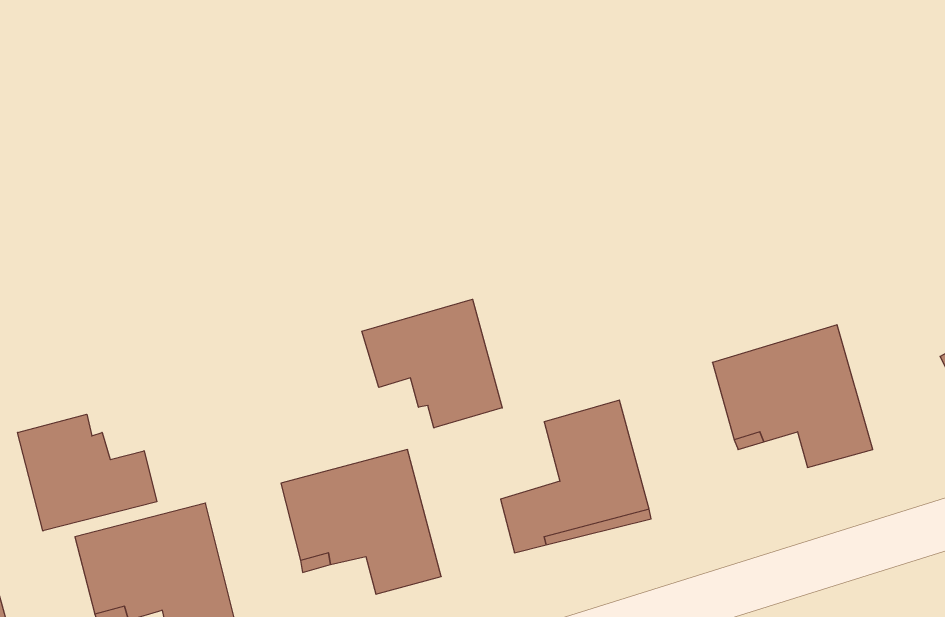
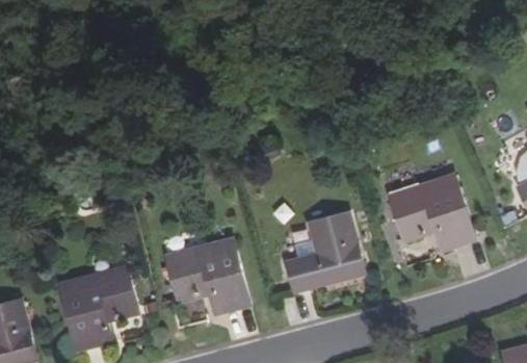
building: [362,299,502,428] -> none
building: [18,414,157,531] -> none

